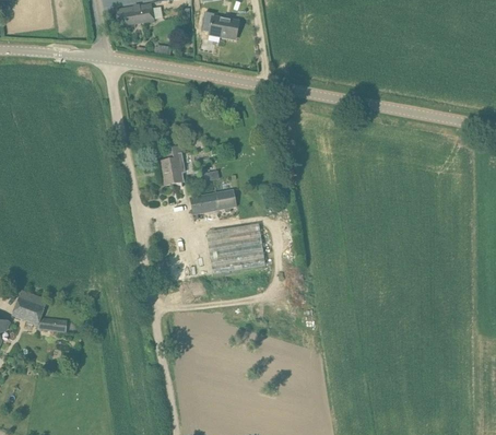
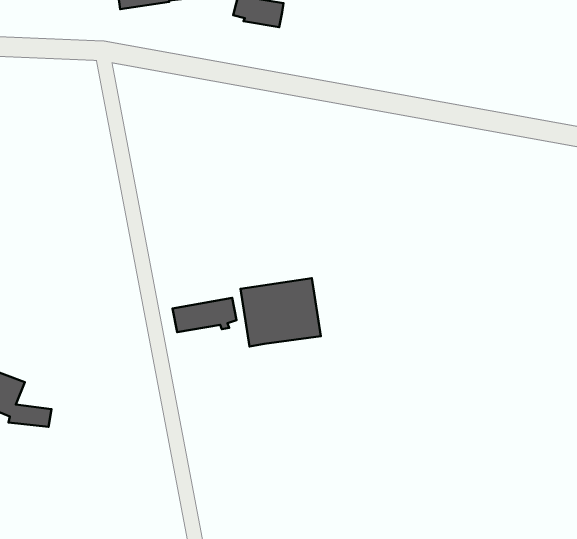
building: [161,145,185,185] -> none
building: [190,189,237,214] -> [173,298,237,332]

